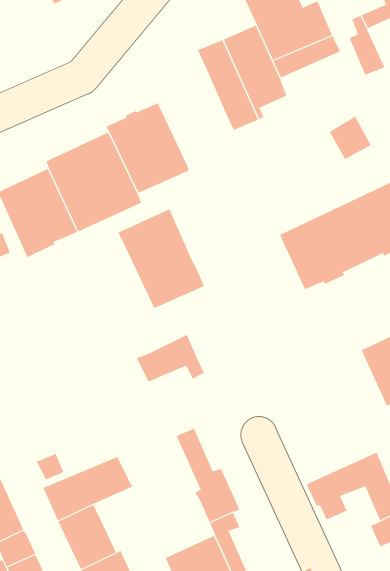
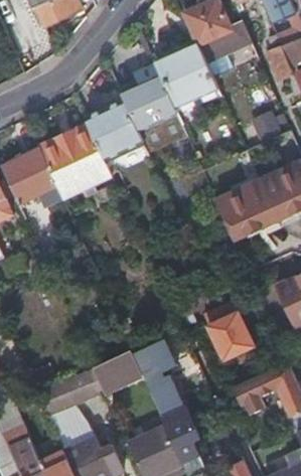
building: [118,208,205,309] -> [119,74,184,150]
building: [136,334,205,382] -> [93,349,144,385]
building: none -> [203,302,252,360]

